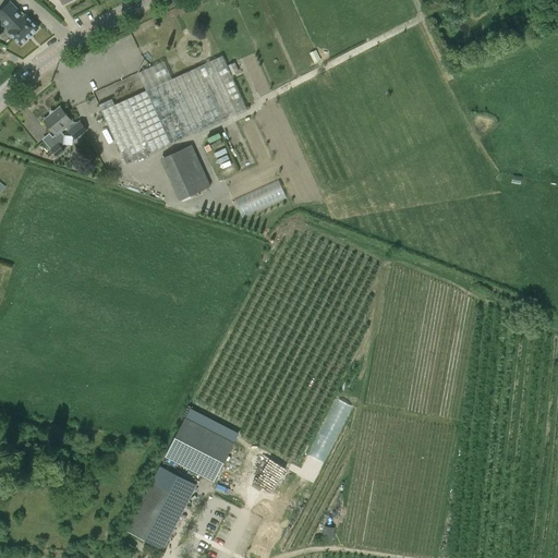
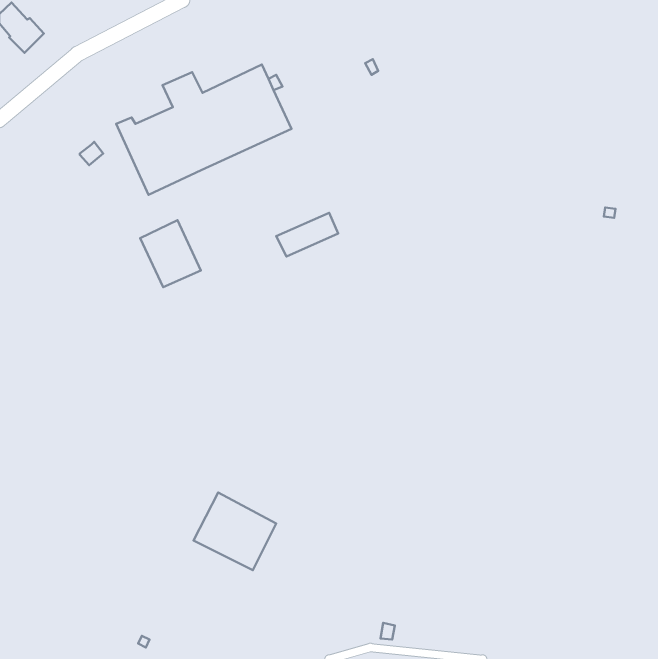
building: [41,106,72,158] -> none
building: [159,144,210,201] -> [140,220,201,287]
building: [125,466,195,549] -> none

